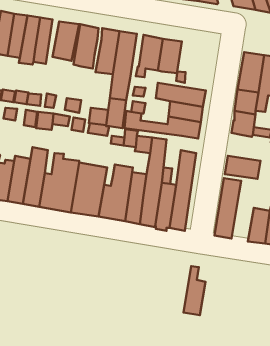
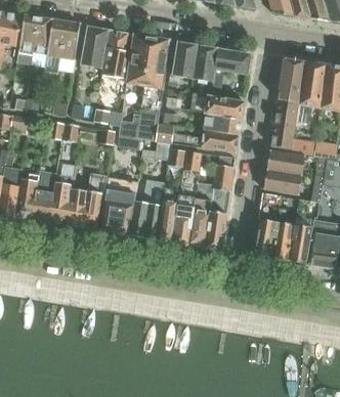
building: none -> [213,48,251,81]
building: none -> [267,149,305,175]
building: [183,266,205,315] -> [271,209,295,261]

